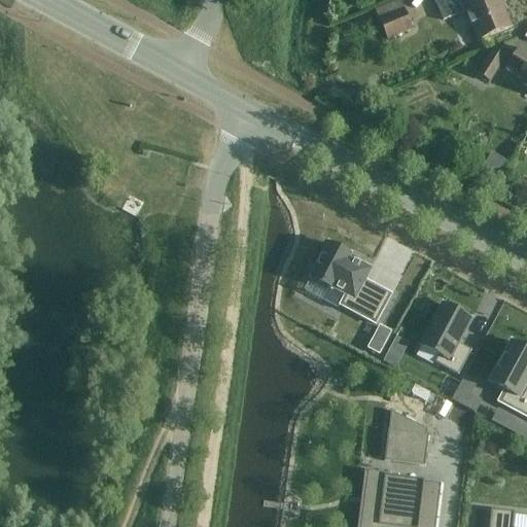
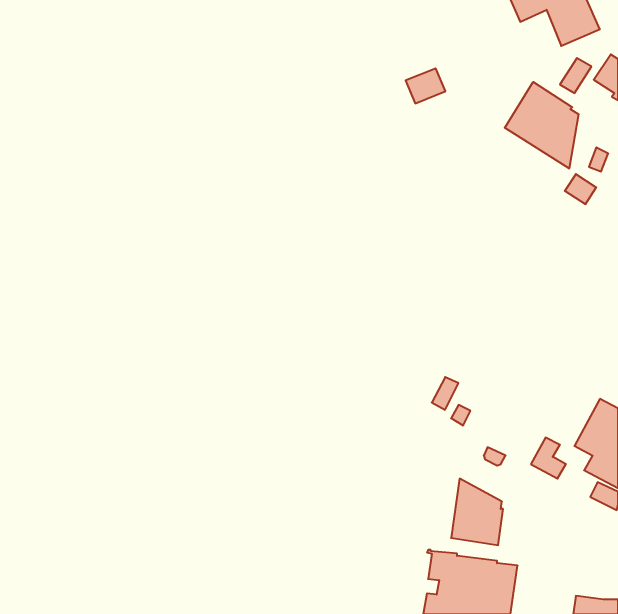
building: [378,7,412,37] -> [406,68,445,103]
building: none -> [505,82,578,169]
building: [305,241,391,322] -> none
building: [420,303,470,374] -> none

